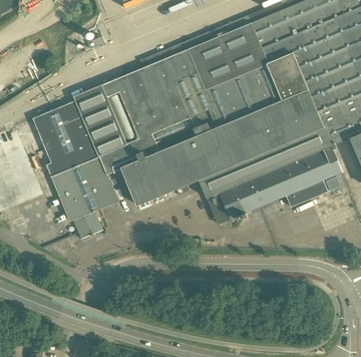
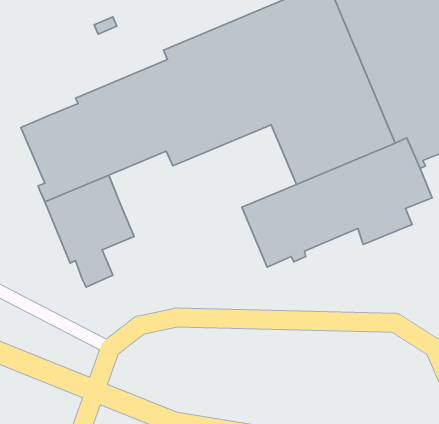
building: [99,117,241,206] -> none

